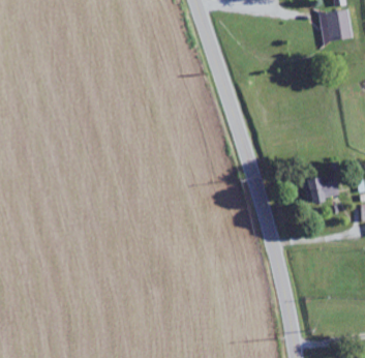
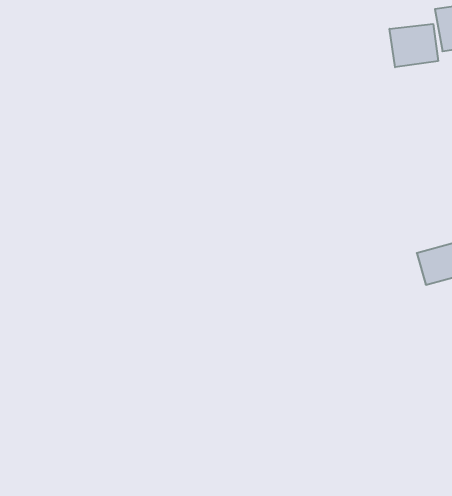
building: none -> [390,24,438,67]

